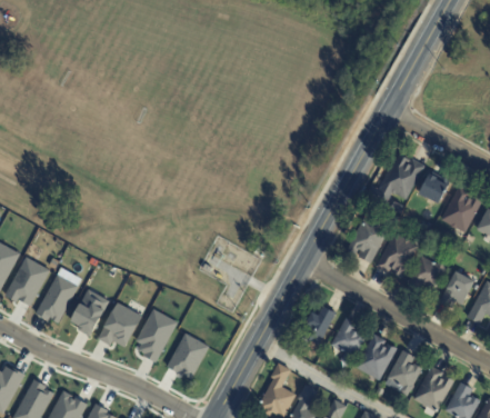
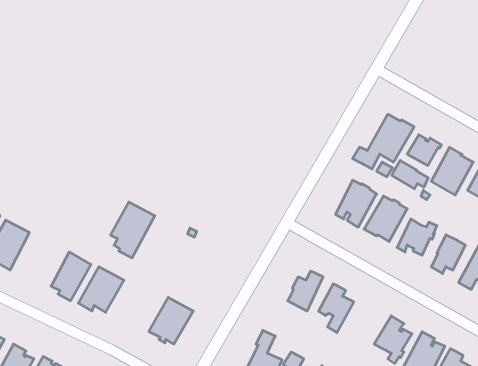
building: none -> [392,160,428,189]
building: [36,273,78,322] -> none
building: [134,308,178,362] -> [111,202,155,258]
building: [356,335,397,380] -> none

